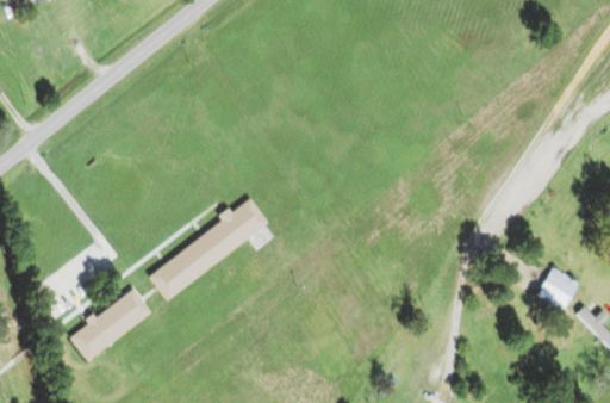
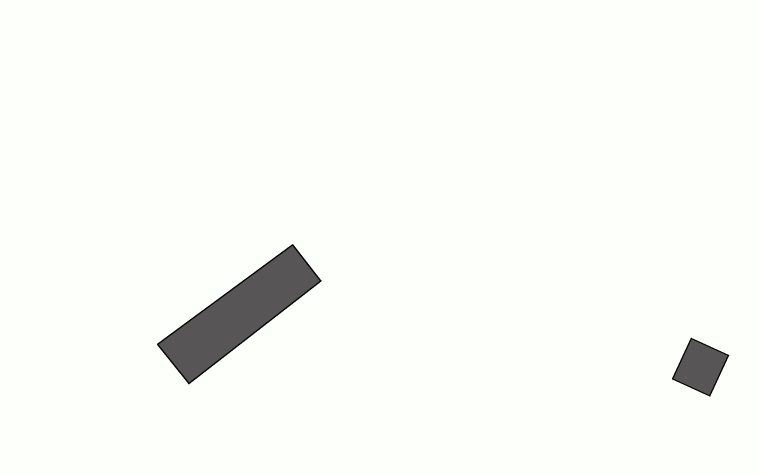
building: [67,285,154,362] -> none

